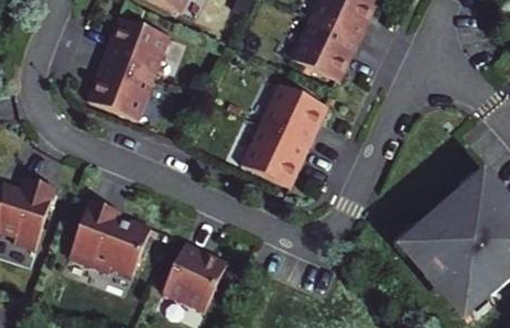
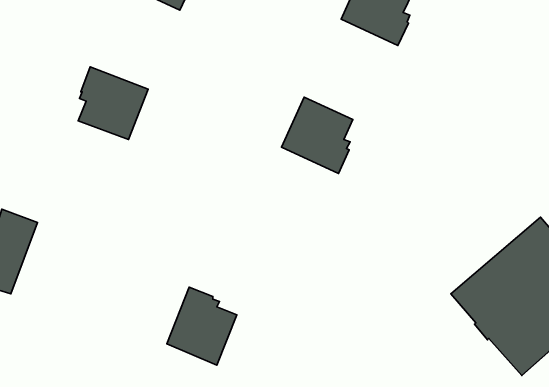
building: [104,18,167,76] -> none
building: [294,18,360,78] -> none
building: [245,124,311,184] -> none
building: [69,199,151,274] -> none

